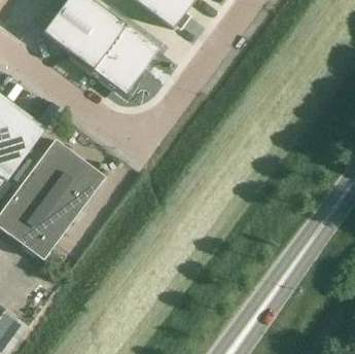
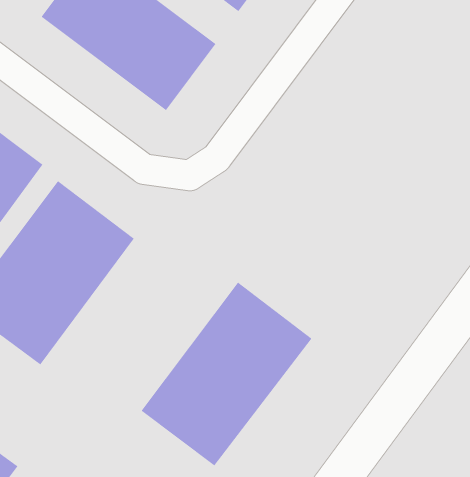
building: none -> [140,282,313,467]

